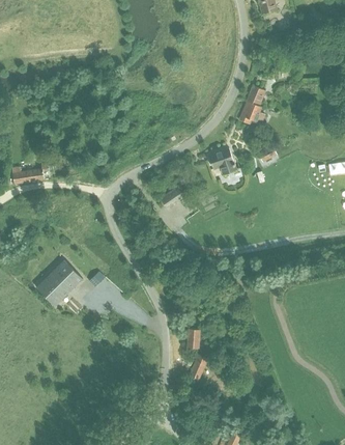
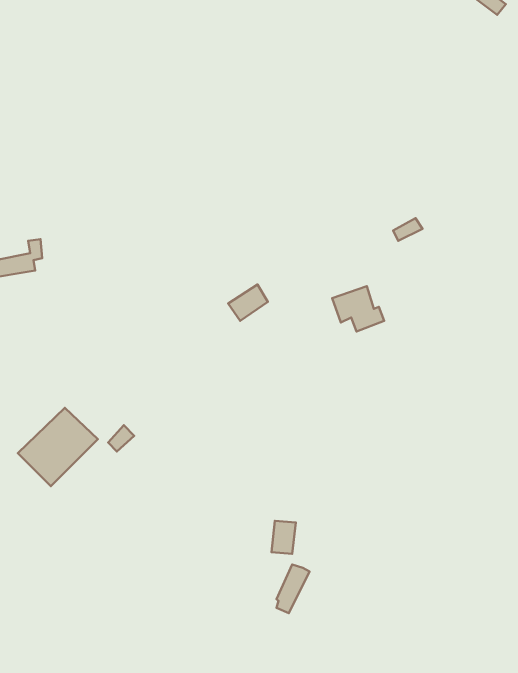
building: [238,85,264,123] -> none
building: [207,147,238,174] -> [332,286,384,331]

